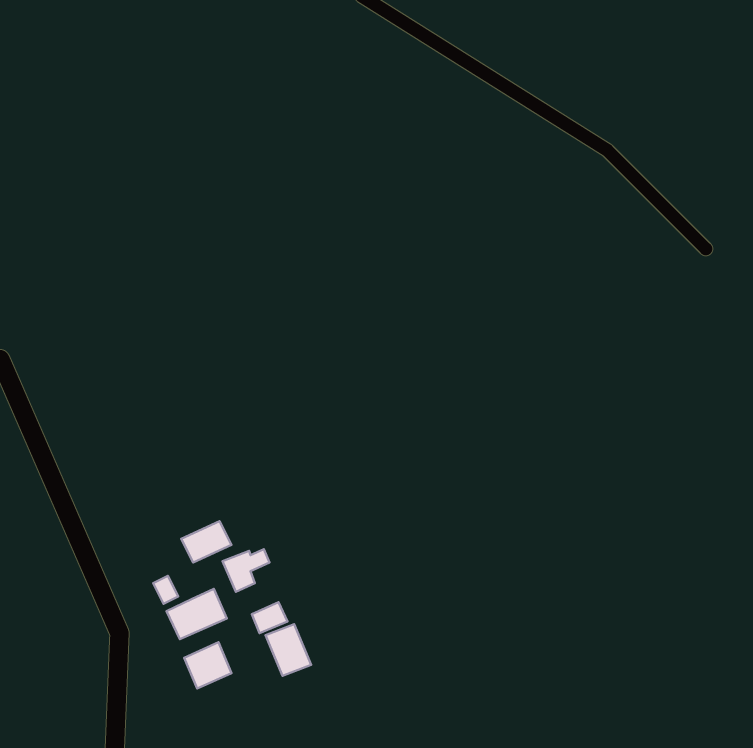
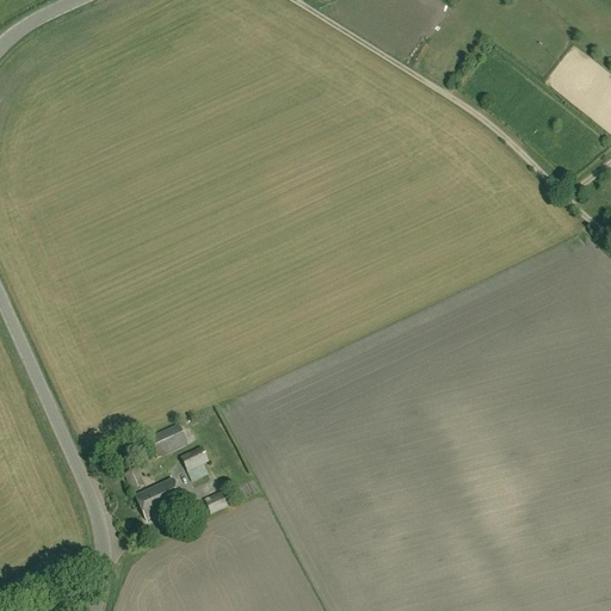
building: [265,624,311,676] -> none
building: [184,642,231,688] -> none

